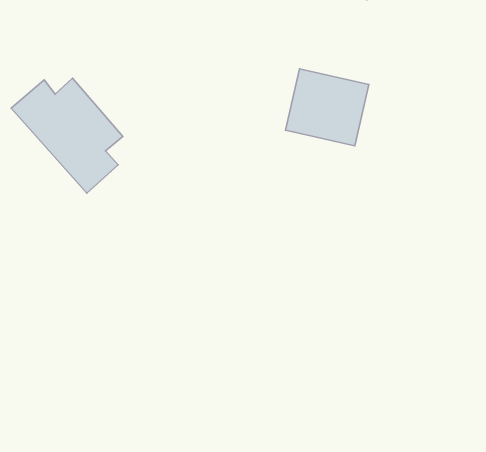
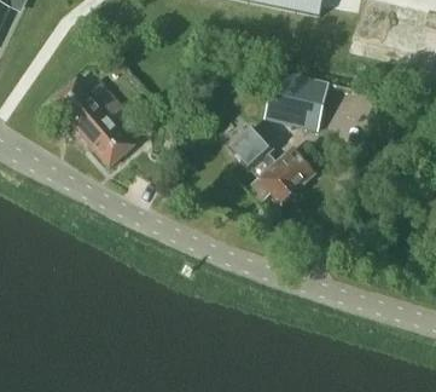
building: none -> [227,122,314,202]

